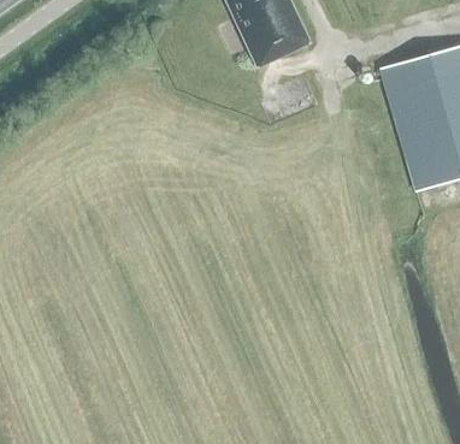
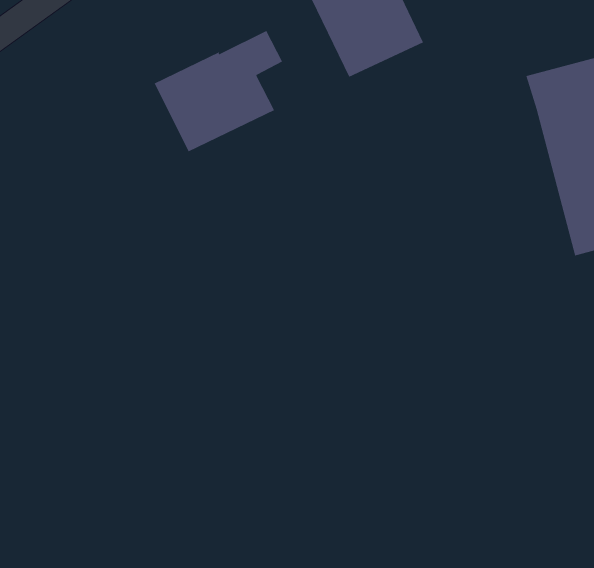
building: none -> [154,30,283,152]

